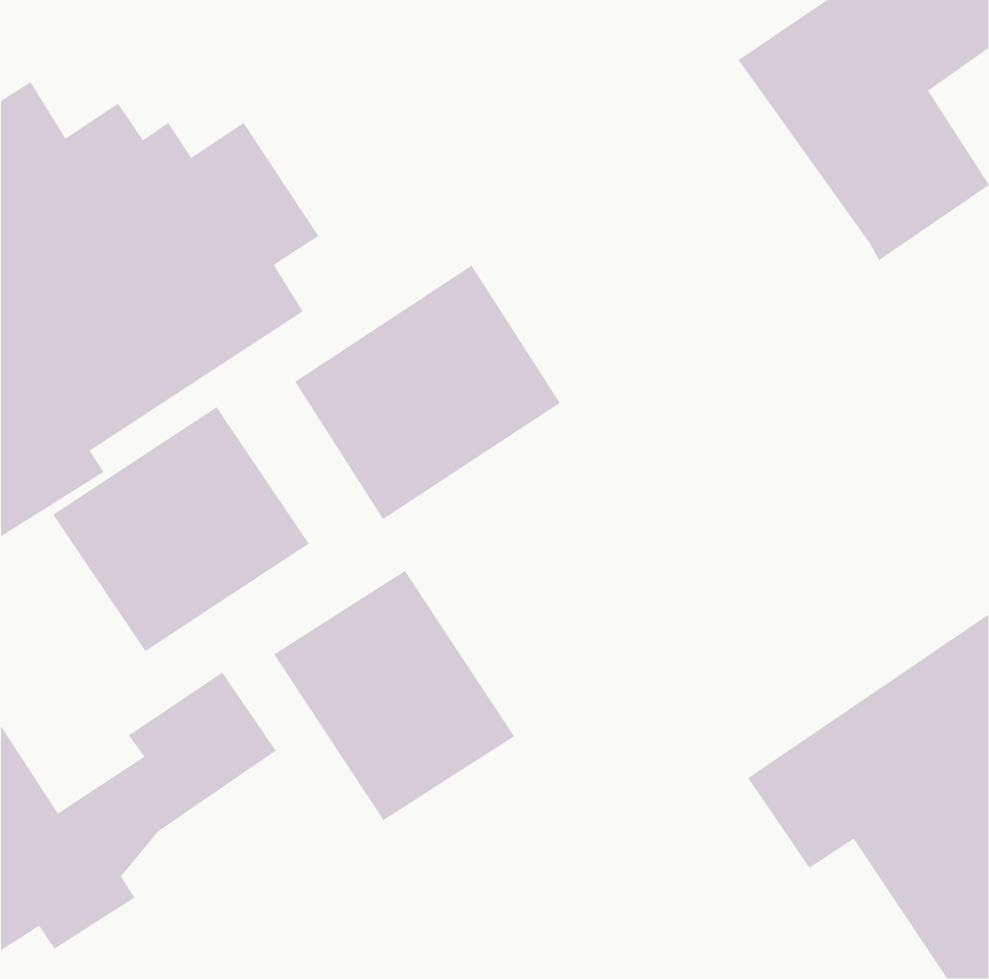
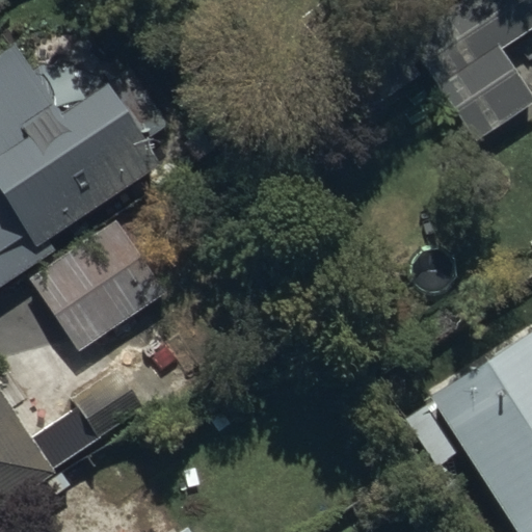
building: [294,264,561,520] -> none
building: [273,570,515,821] -> none

